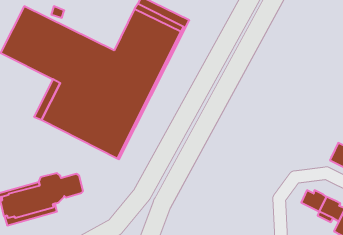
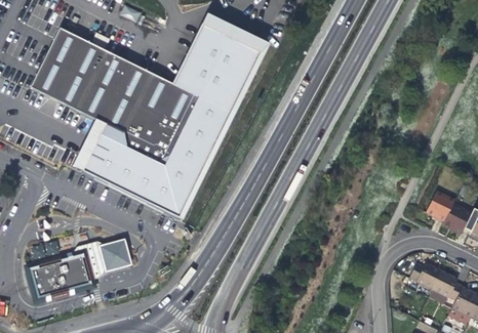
building: none -> [427,189,454,218]

